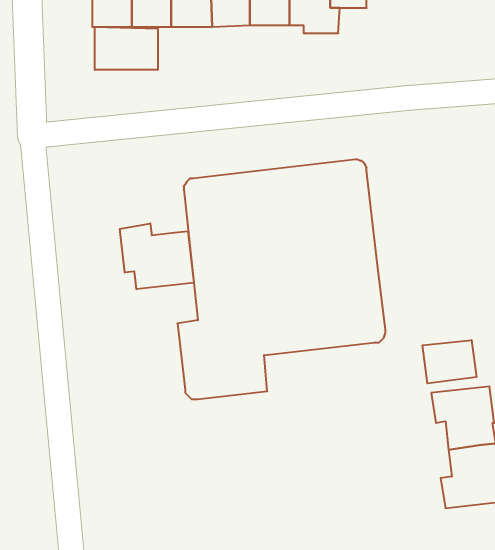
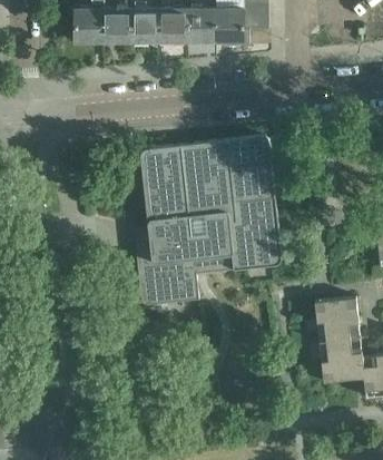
building: [95,27,158,70] -> none
building: [120,223,194,289] -> none
building: [422,340,476,383] -> none

